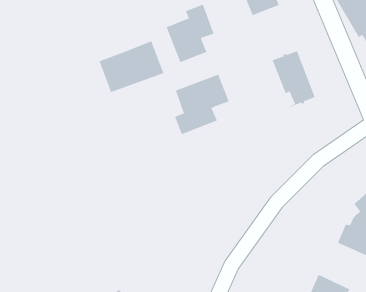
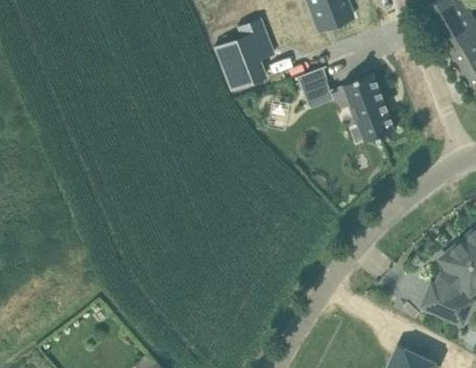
building: [99,41,164,93] -> none
building: none -> [296,66,335,107]
building: [174,74,229,135] -> none

